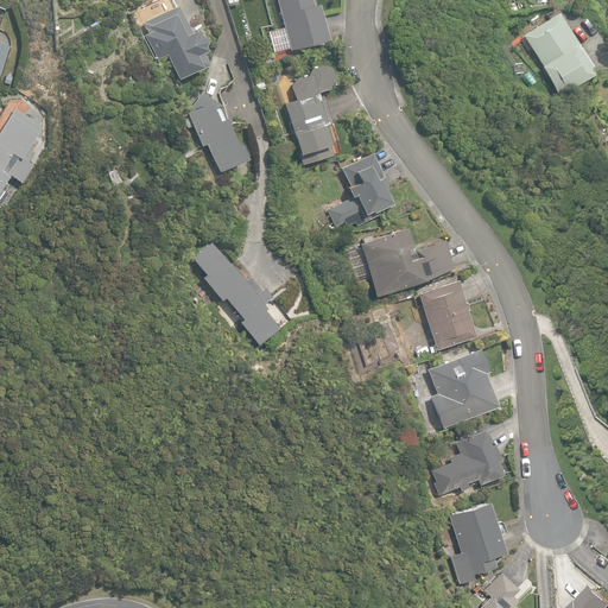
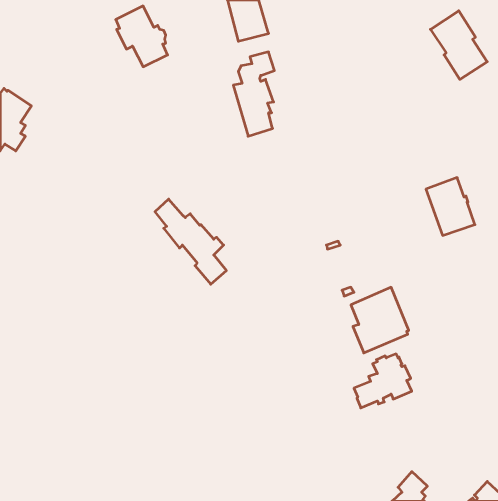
building: [186,93,249,172] -> none
building: [329,152,393,228] -> none
building: [349,227,457,296] -> none
building: [418,279,477,349] -> [426,178,475,235]
building: [450,501,506,583] -> none

